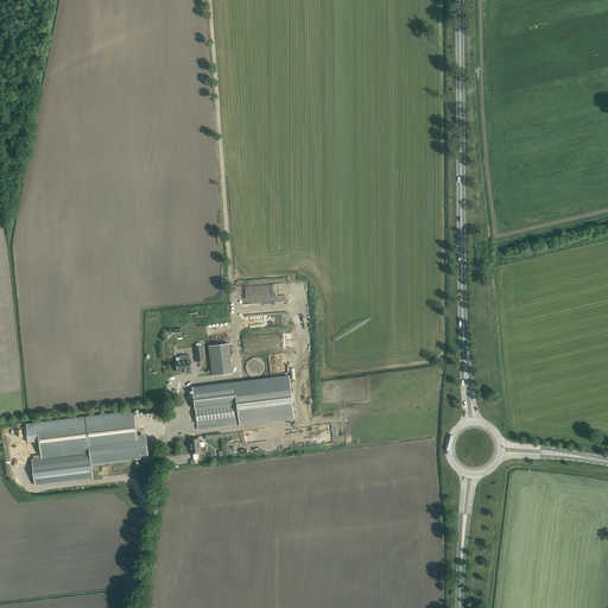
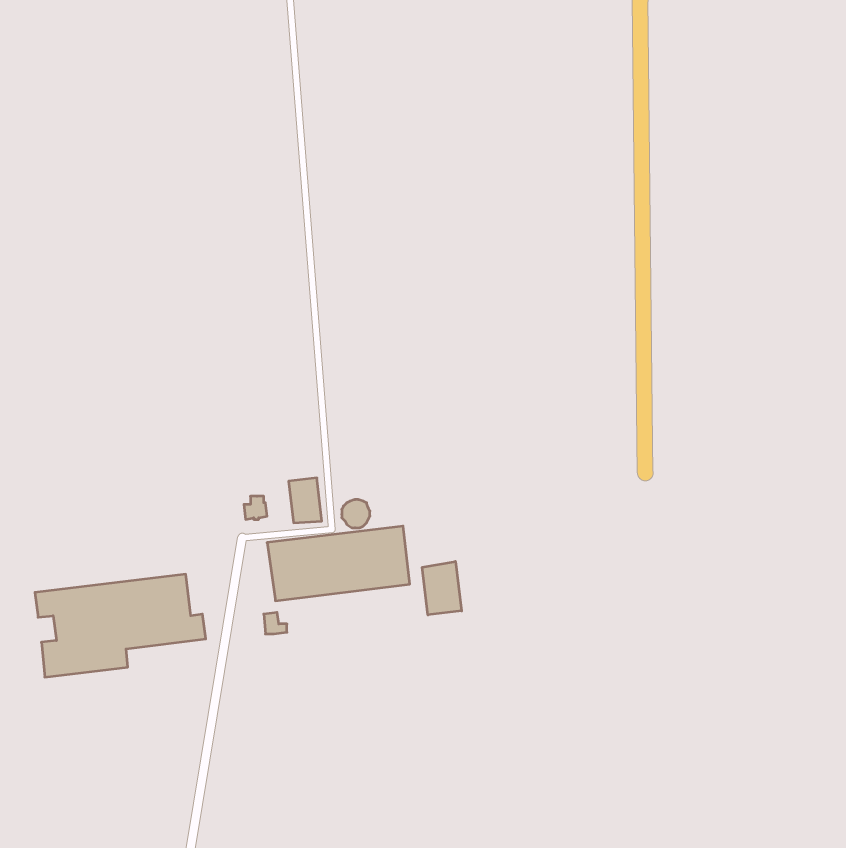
building: none -> [422,561,462,615]

